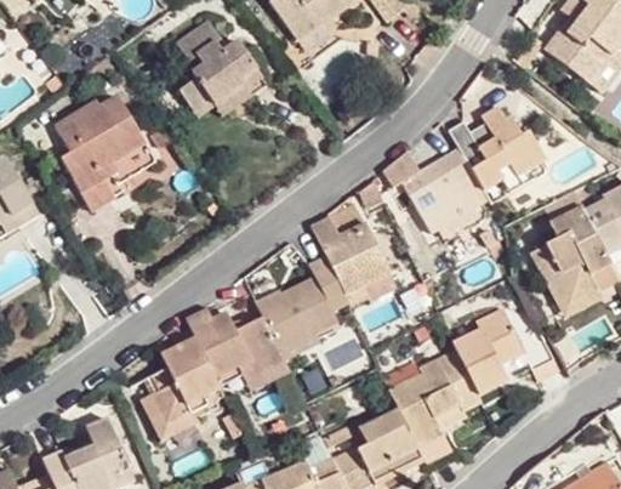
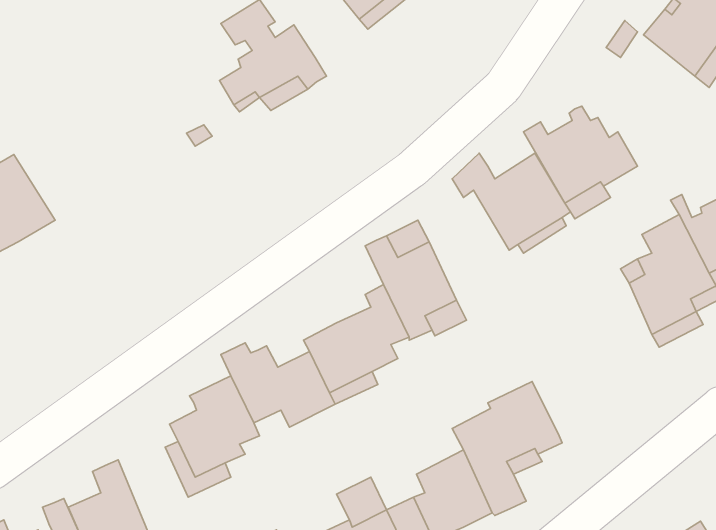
building: [62,95,164,206] -> none
building: [450,305,558,392] -> none

